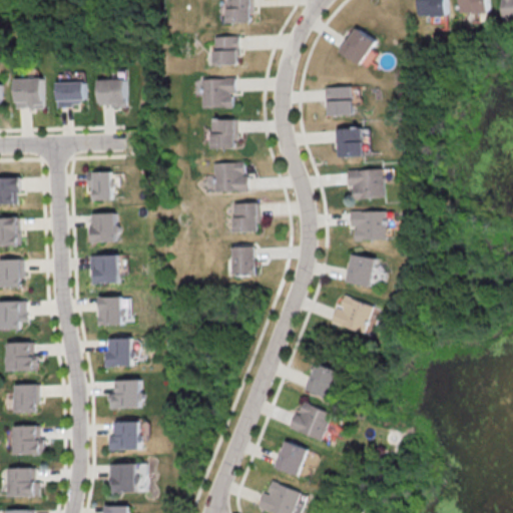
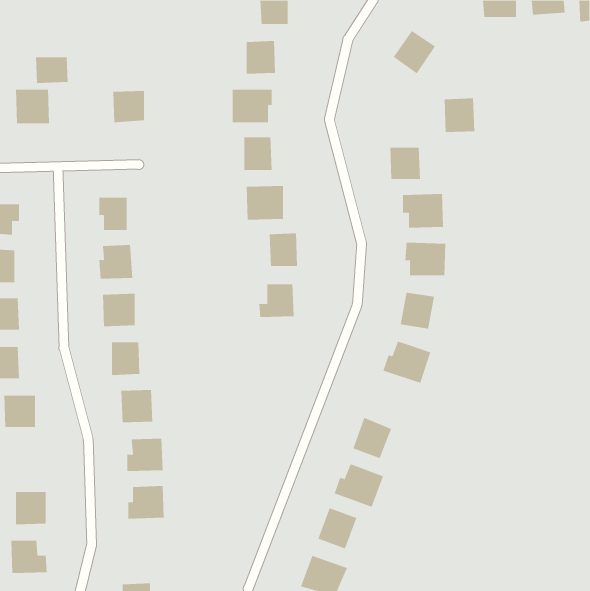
building: [55,82,84,105] -> [35,57,69,83]
building: [327,85,354,115] -> [444,98,475,133]
building: [13,384,36,413] -> none
building: [112,464,139,492] -> none

